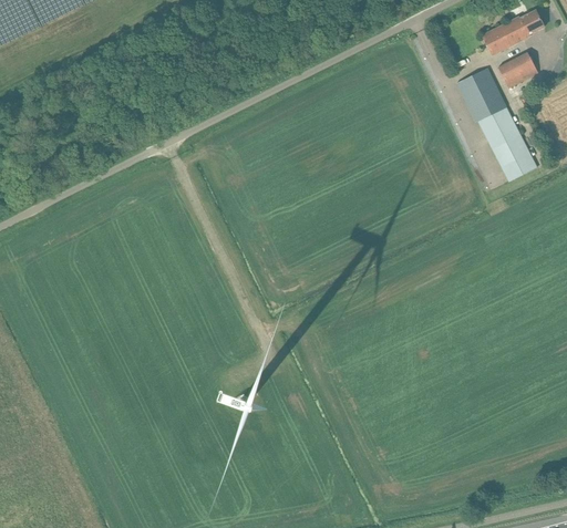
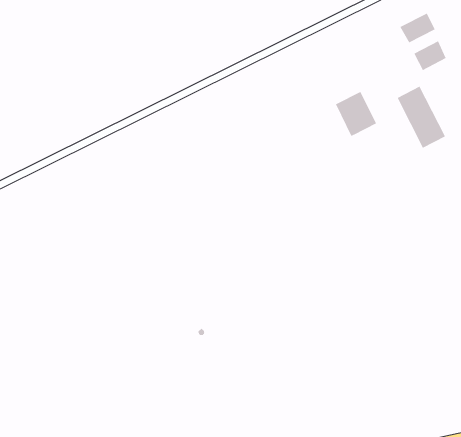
building: [514,9,544,38] -> none
building: [455,66,505,121] -> [335,91,377,136]

